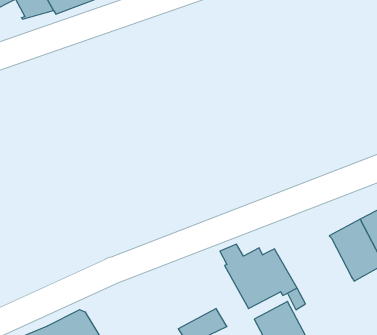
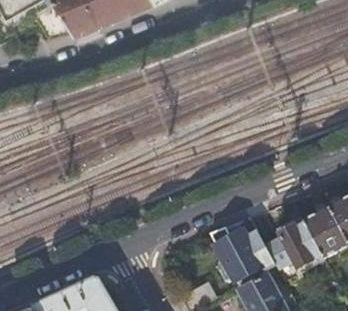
building: none -> [277,222,322,269]

